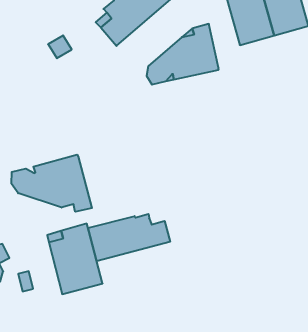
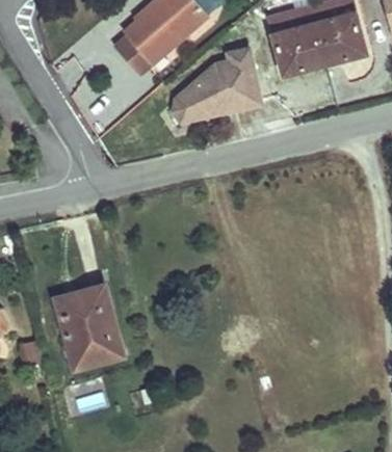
building: [12,155,92,212] -> none
building: [88,214,170,261] -> none

